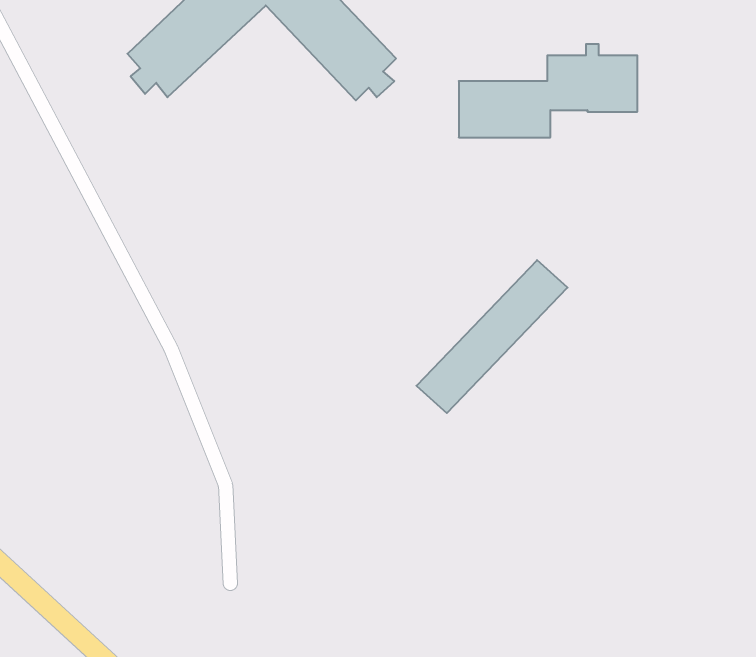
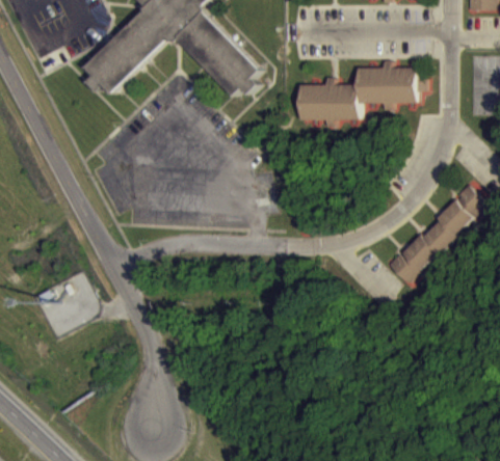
building: [416,260,568,413] -> [389,186,486,284]

